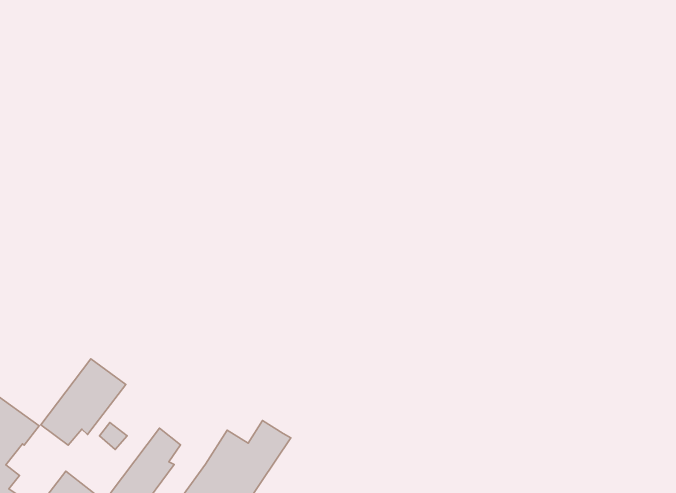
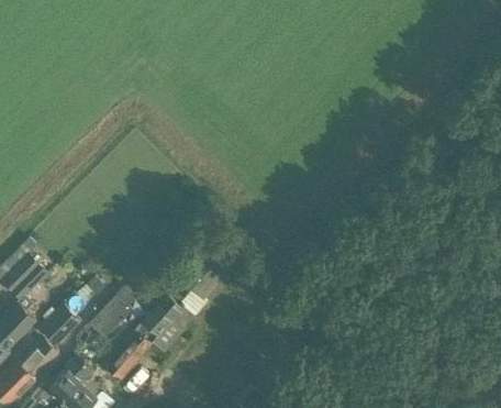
building: [41,359,126,445] -> none

